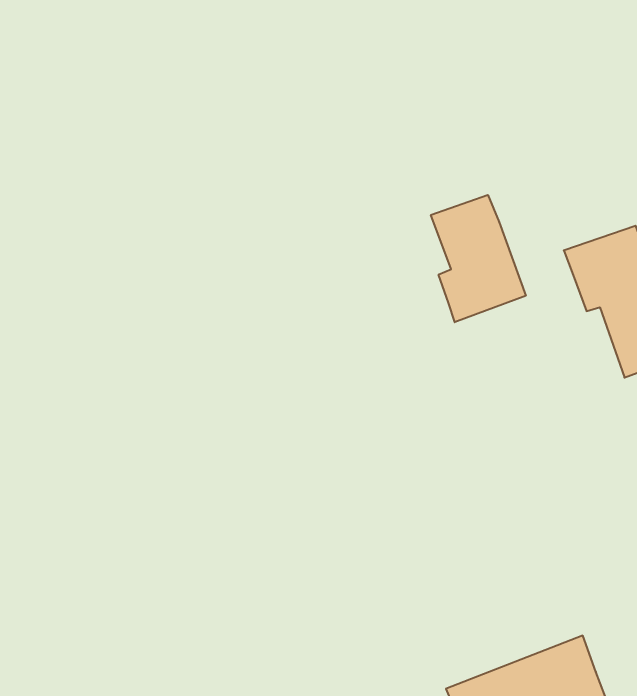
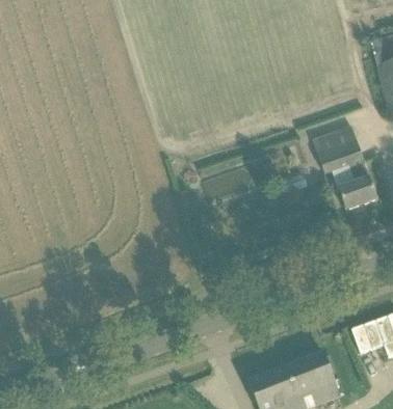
building: [431,195,526,322] -> none

